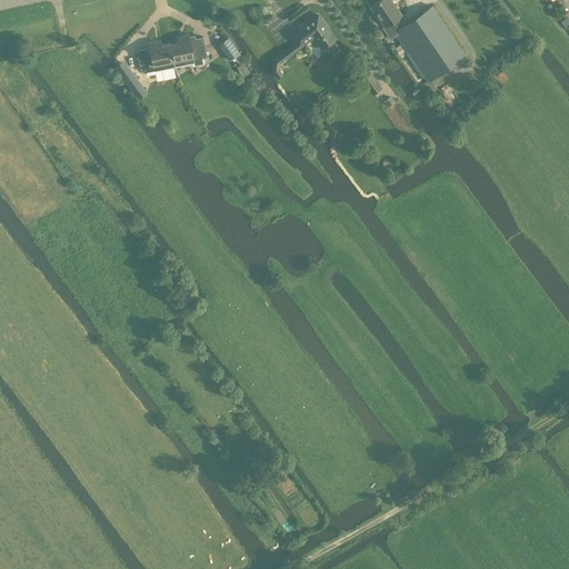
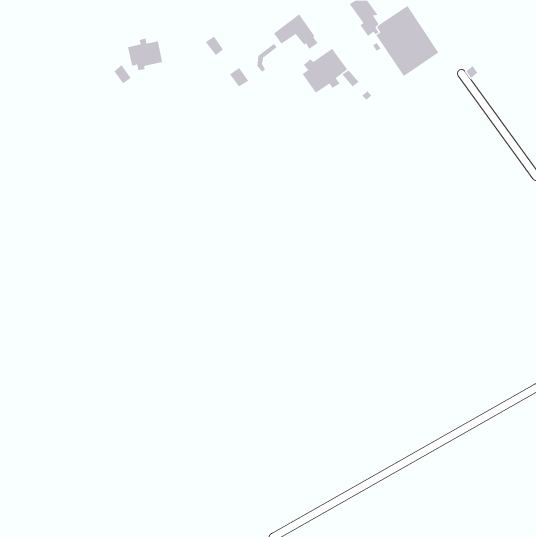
building: [168,33,206,66] -> none
building: none -> [302,48,348,94]

